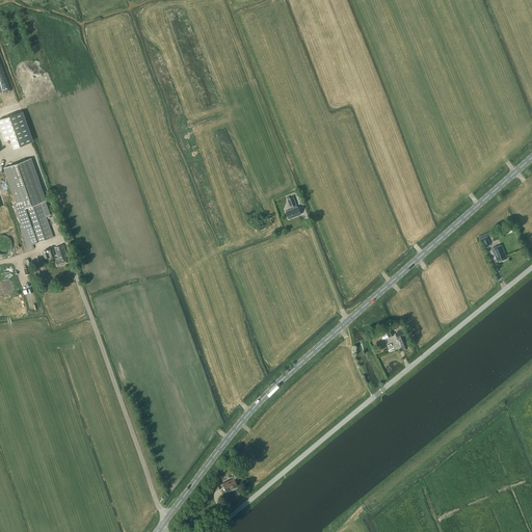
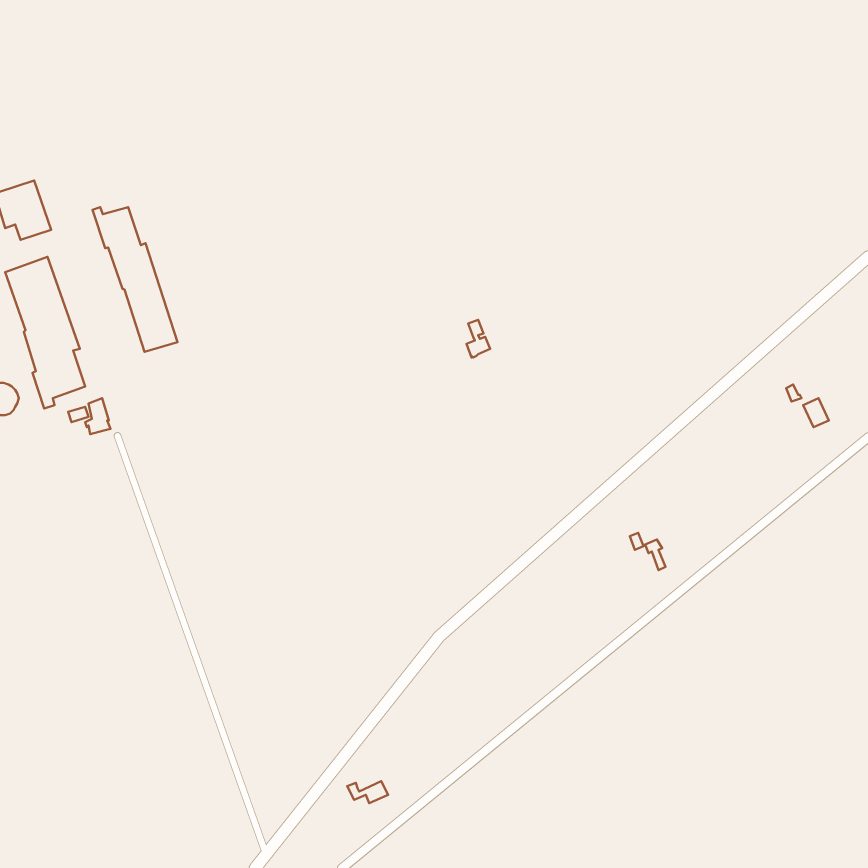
building: none -> [92,207,177,352]

